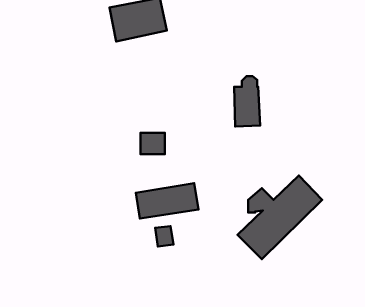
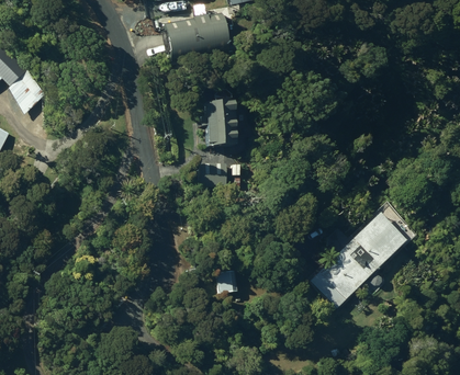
building: [234,76,260,127] -> [207,91,237,148]
building: [136,183,198,218] -> none

